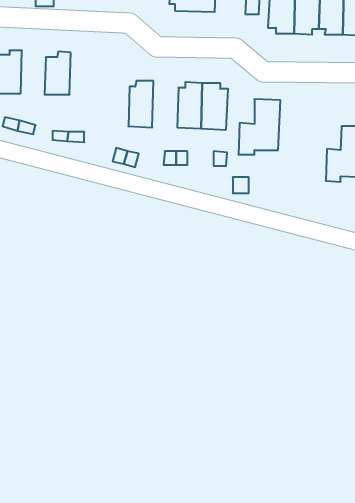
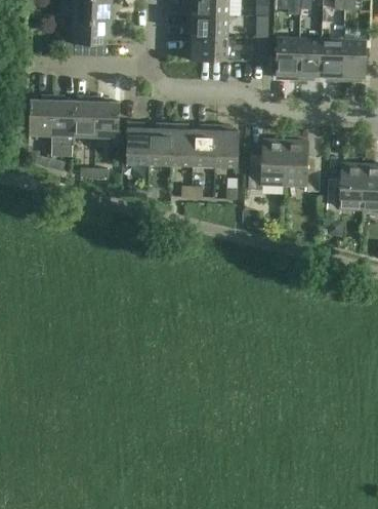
building: none -> [51,94,74,146]
building: none -> [95,96,119,135]
building: none -> [125,121,150,163]
building: none -> [170,122,194,164]
building: none -> [284,140,320,191]

